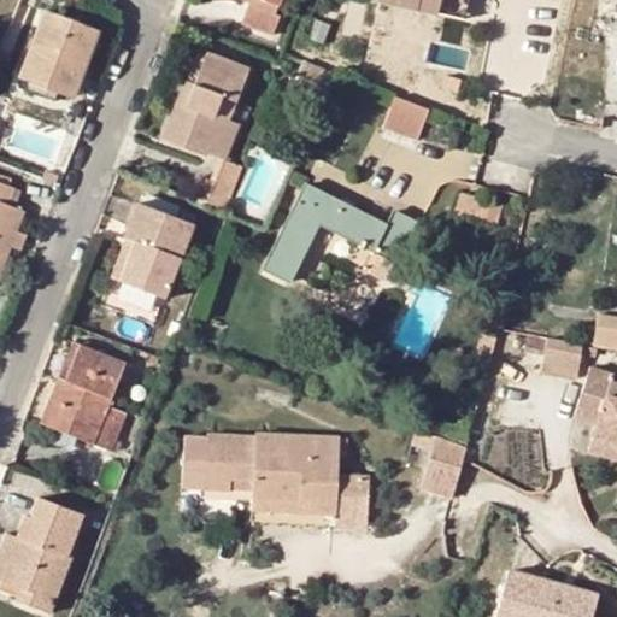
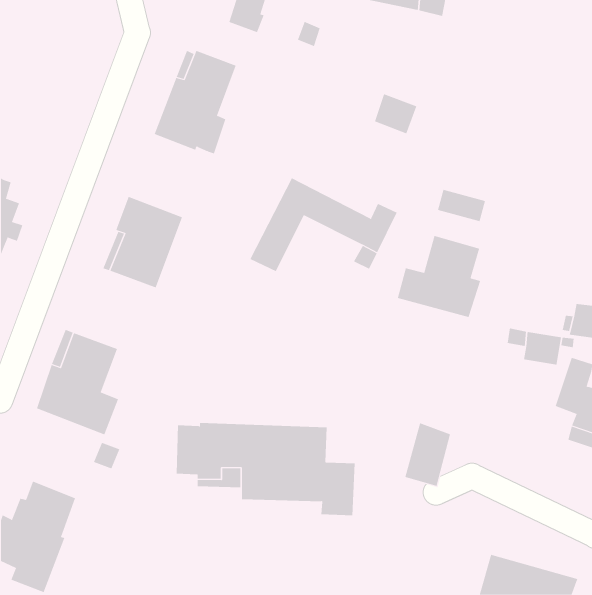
building: [22,10,95,96] -> none
building: [198,157,241,210] -> none
building: none -> [397,235,481,318]

